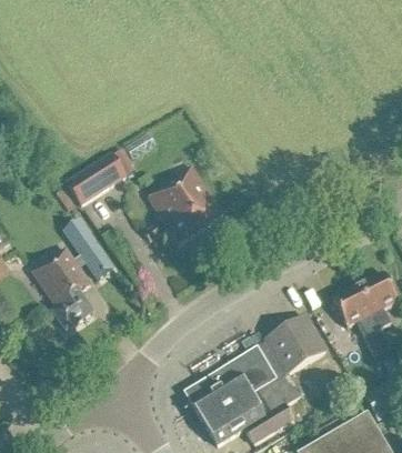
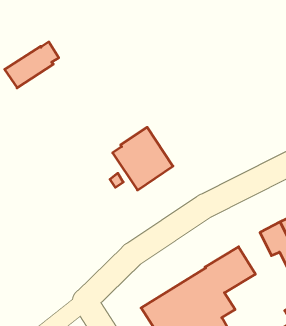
building: [67,145,134,203] -> [5,42,59,88]
building: [33,225,112,328] -> none

